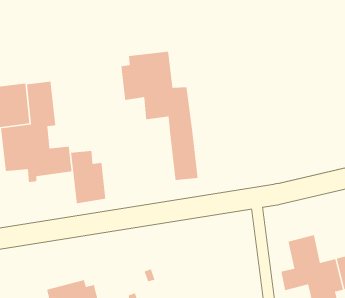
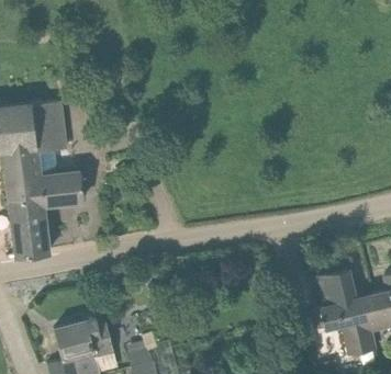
building: [120,51,198,181] -> none
building: [70,150,106,204] -> [9,199,48,258]

